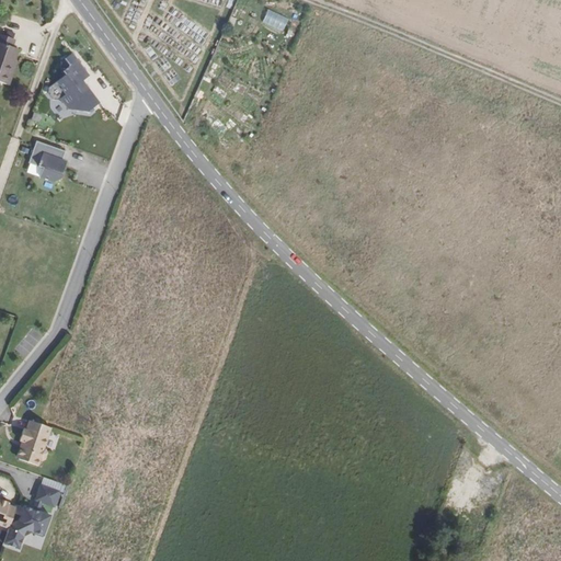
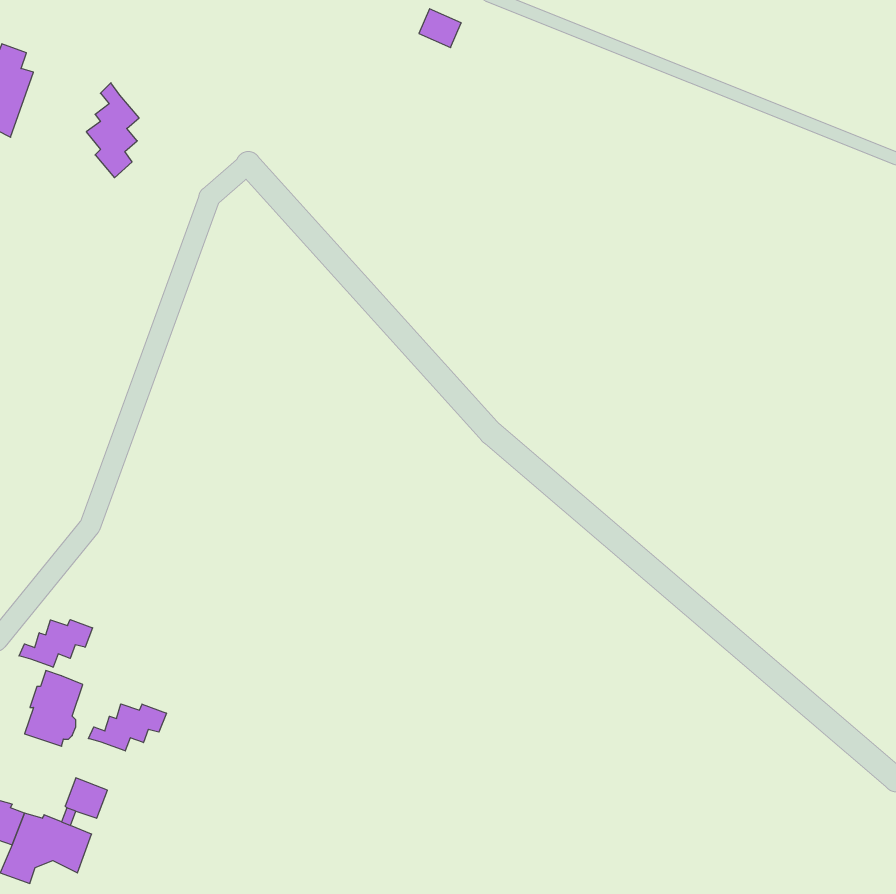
building: [26,138,64,181] -> none
building: none -> [19,620,93,667]
building: none -> [88,704,166,751]

